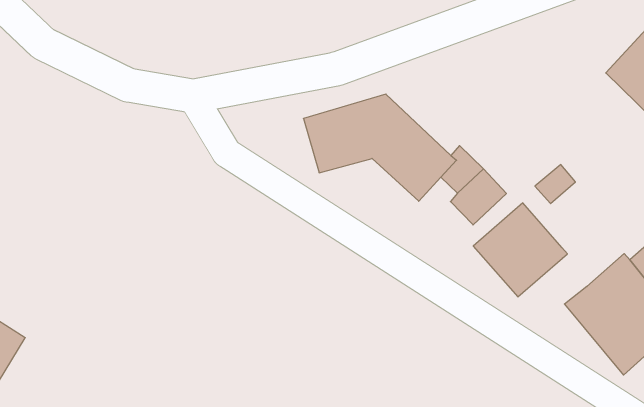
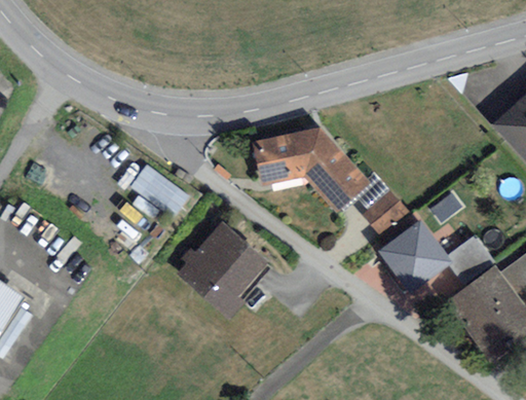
building: none -> [129,165,190,218]
building: none -> [447,237,495,289]
building: none -> [178,224,266,321]

